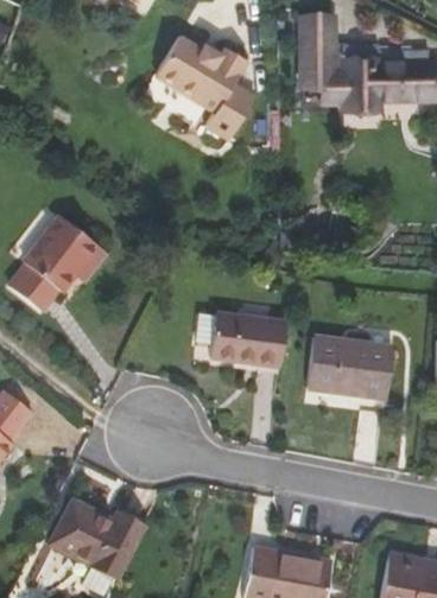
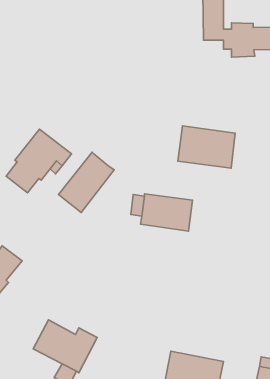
building: [153,42,254,138] -> none
building: none -> [59,152,114,213]
building: [306,336,392,399] -> [178,126,235,168]

